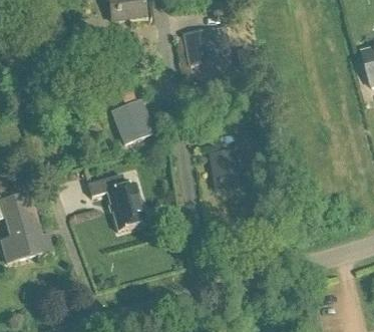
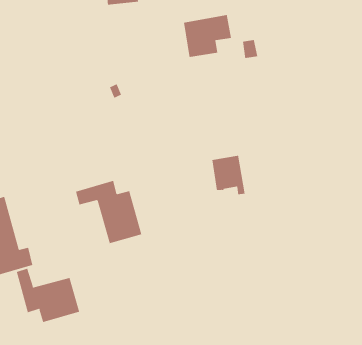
building: [111,99,151,143] -> none
building: none -> [16,268,80,323]

